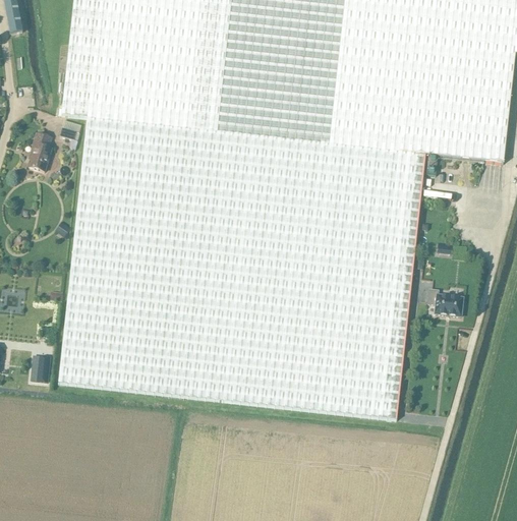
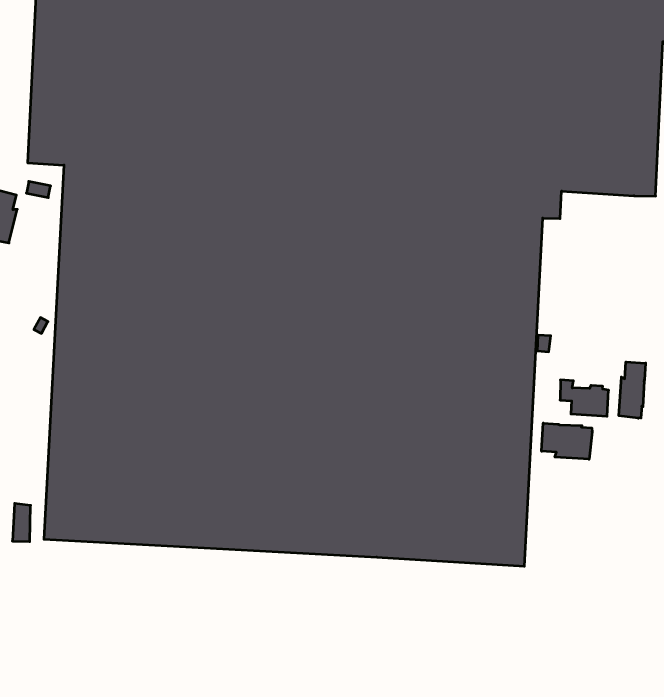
building: none -> [619,362,646,418]
building: none -> [542,423,592,459]

